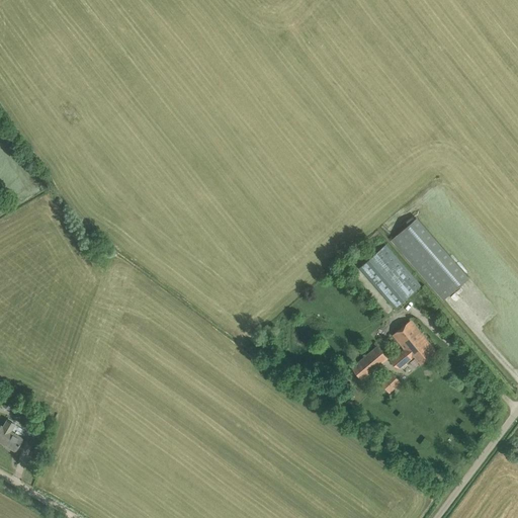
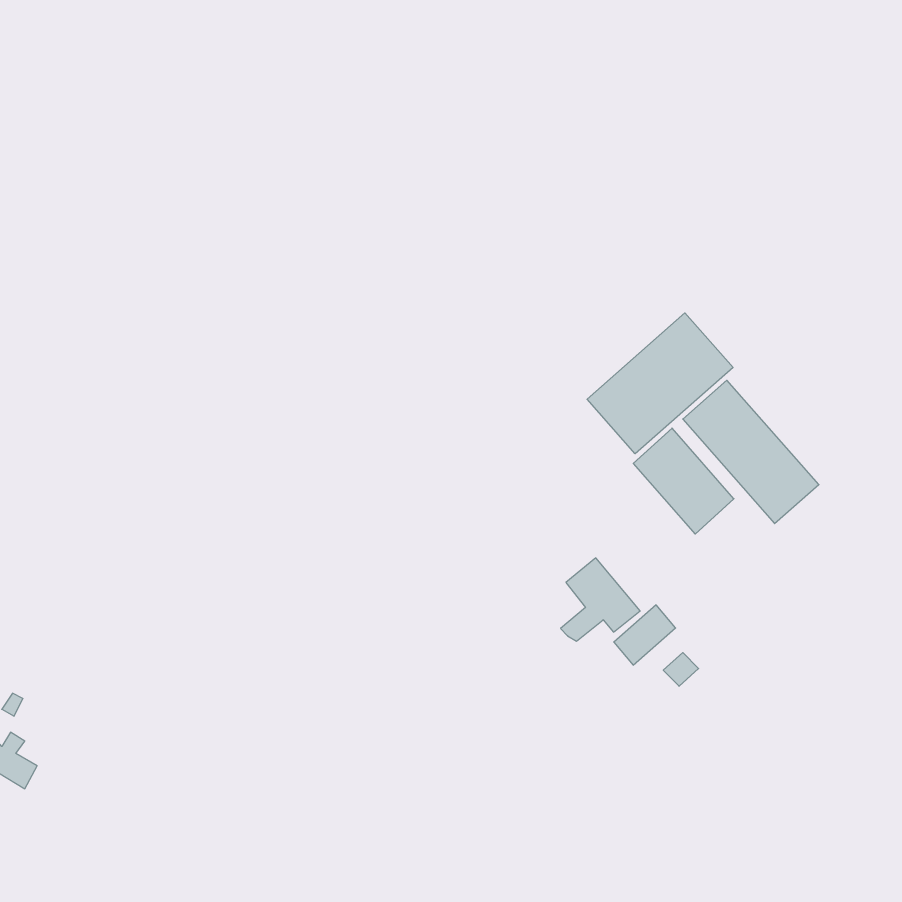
building: none -> [587,313,733,454]
building: [390,322,435,369] -> [561,558,640,641]

